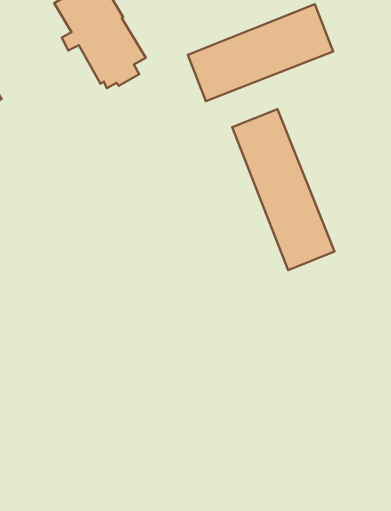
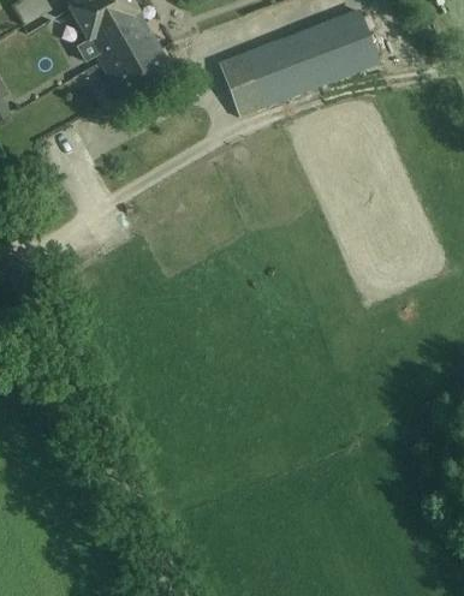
building: [232,109,335,270] -> none

